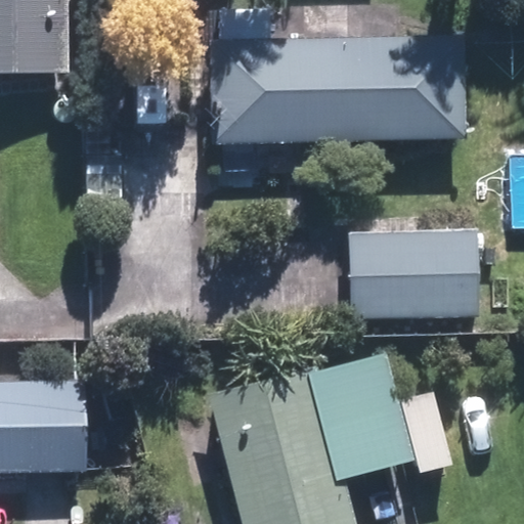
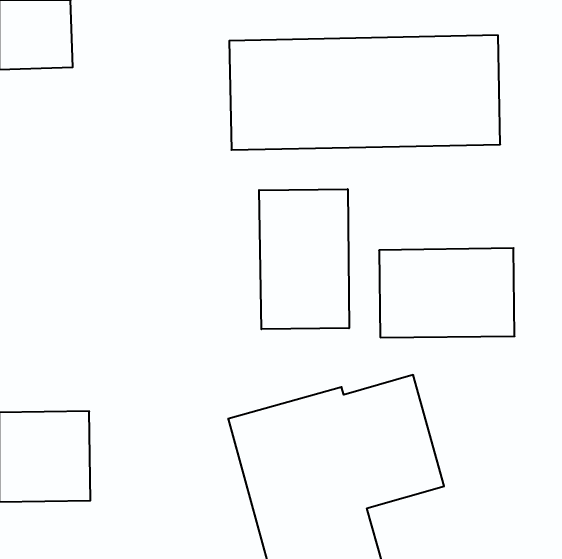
building: none -> [259,189,349,329]

